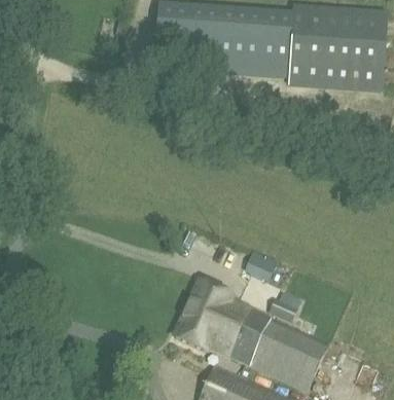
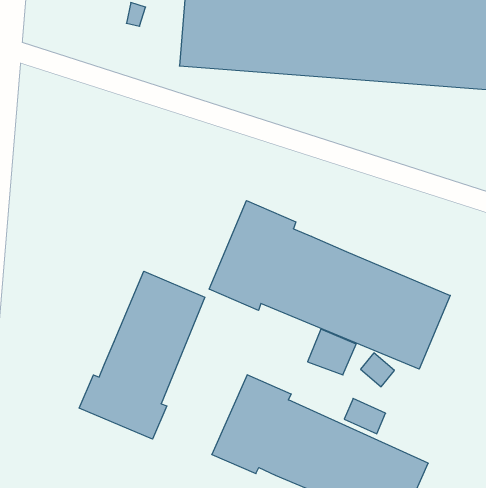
building: none -> [209,201,450,369]
building: none -> [79,271,205,439]

